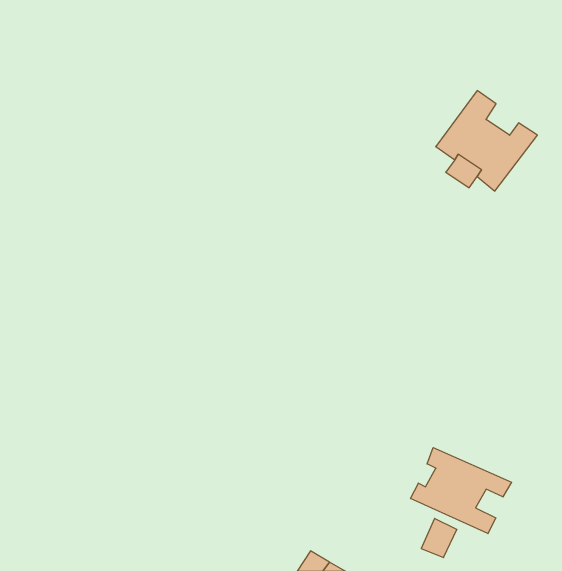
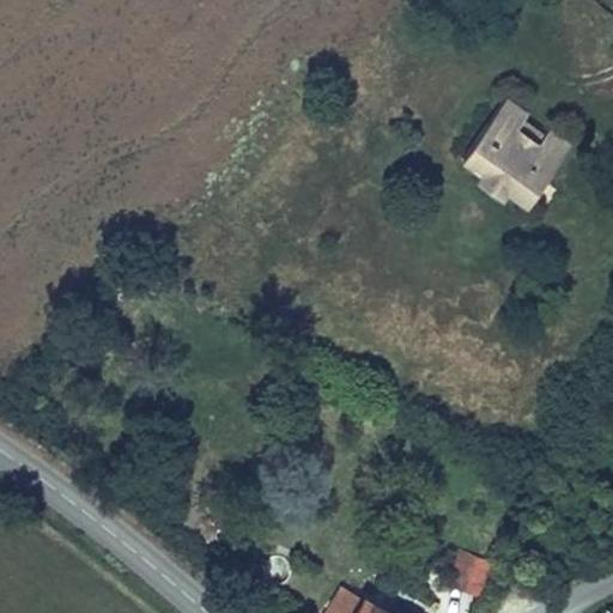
building: [411,448,512,534] -> none

